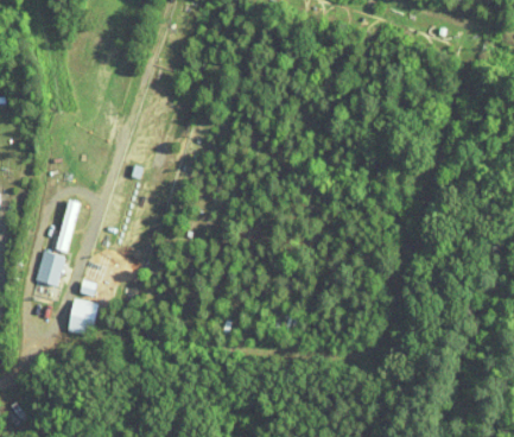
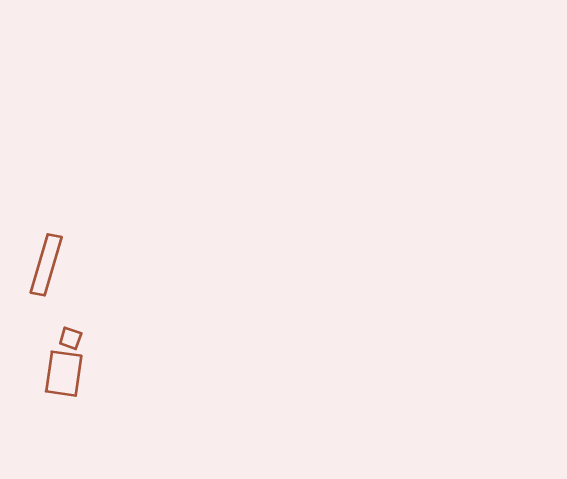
building: [36,249,65,285] -> none

